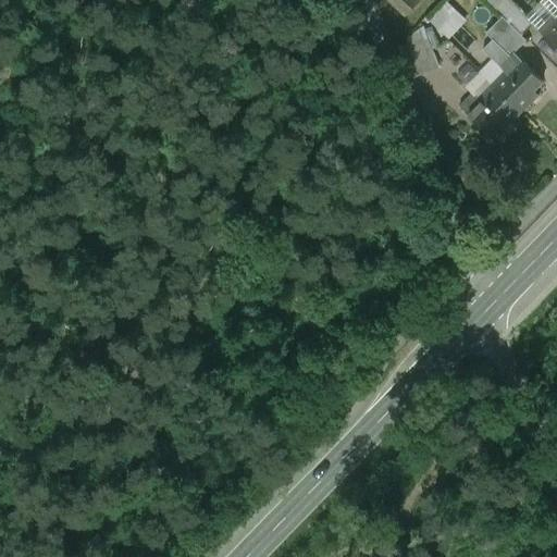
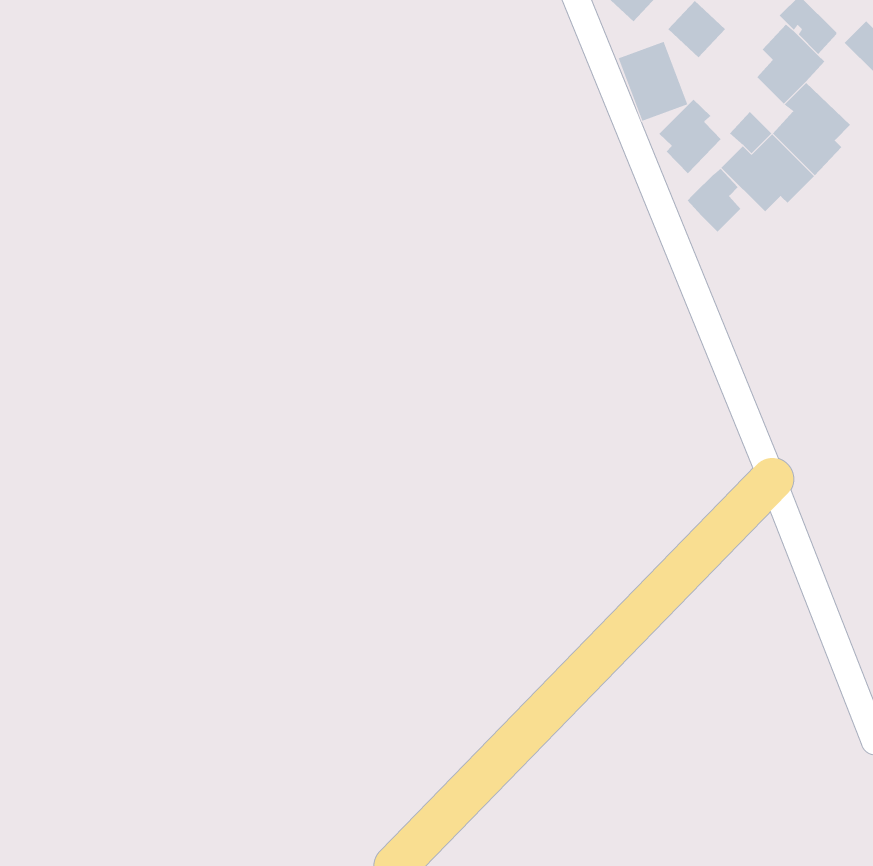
building: none -> [659,99,722,174]
building: none -> [687,168,741,233]

